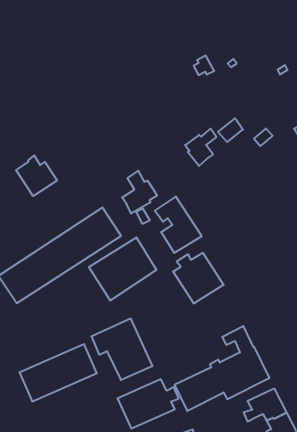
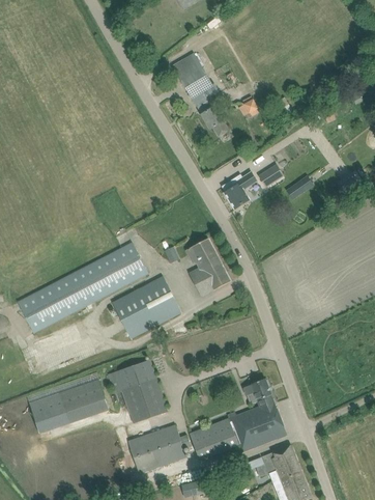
building: none -> [171,52,229,136]
building: [16,155,57,196] -> none
building: [122,171,157,214] -> none
building: [173,253,224,304] -> none

